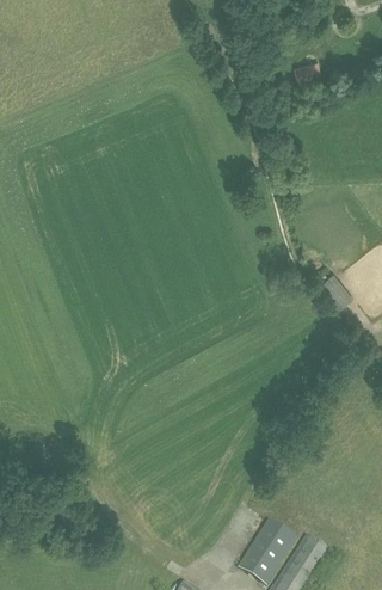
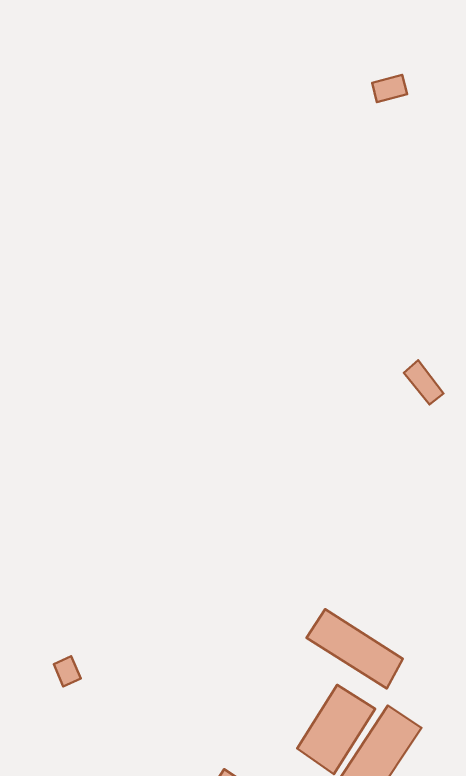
building: none -> [307,609,403,689]

